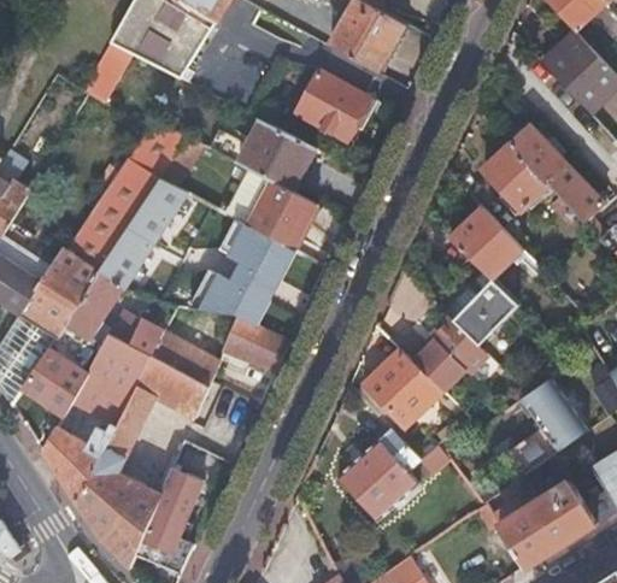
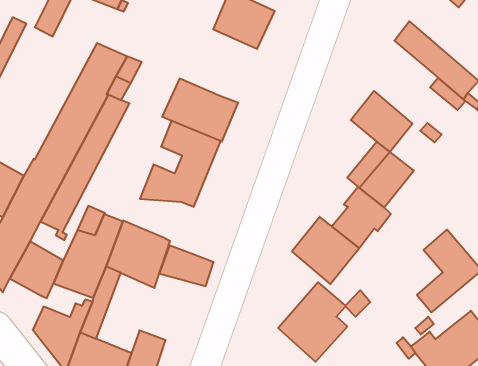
building: [210,120,317,194] -> none
building: [483,148,547,213] -> none
building: [221,317,287,370] -> [159,245,214,286]

